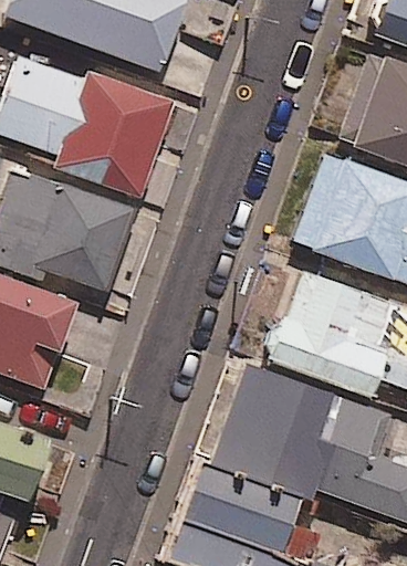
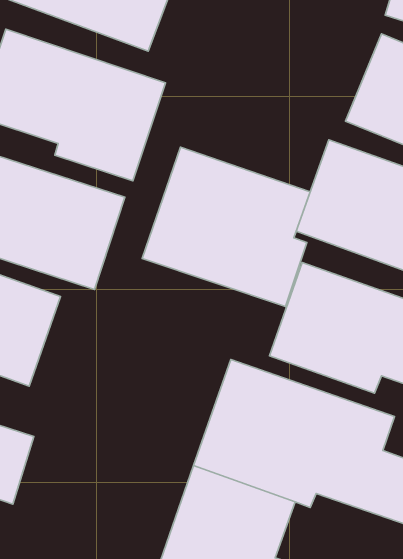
building: none -> [142,147,310,307]

